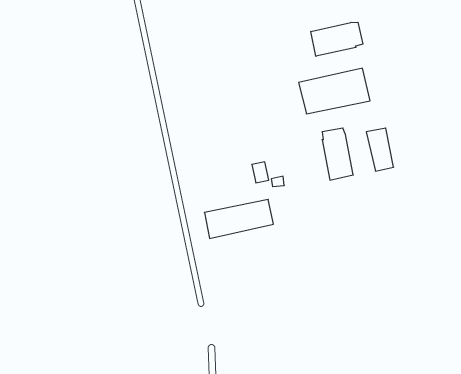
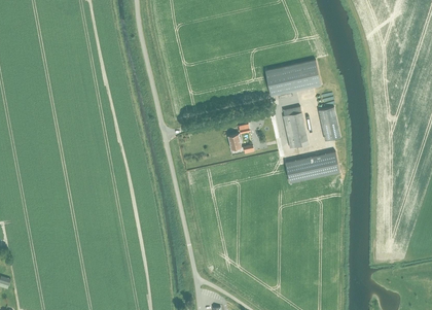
building: [311,22,363,56] -> none
building: [204,199,273,238] -> [286,149,340,180]

